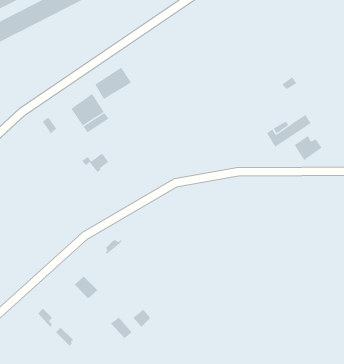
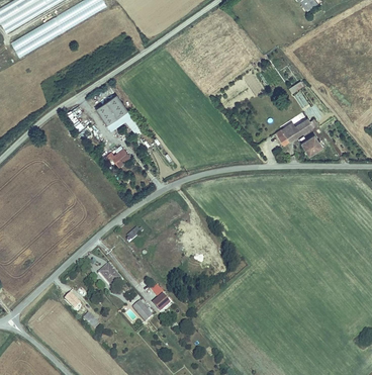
building: [95,67,132,100] -> none

